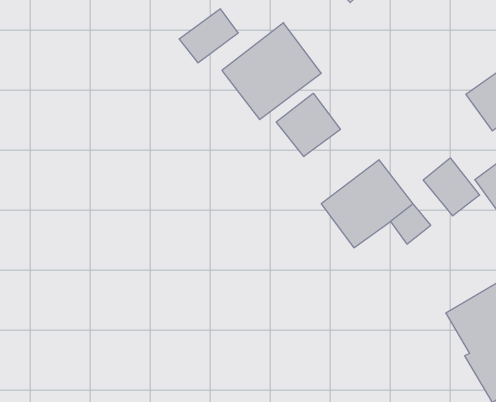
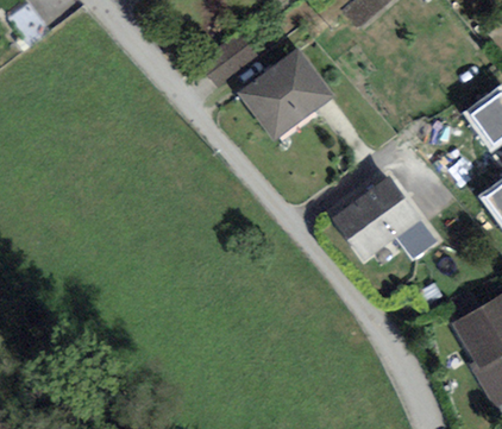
building: [276,93,340,157] -> none
building: [423,158,480,216] -> none

